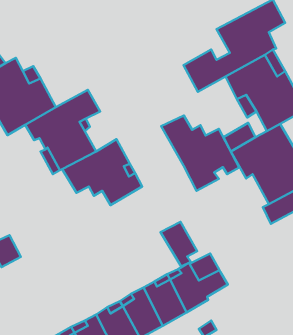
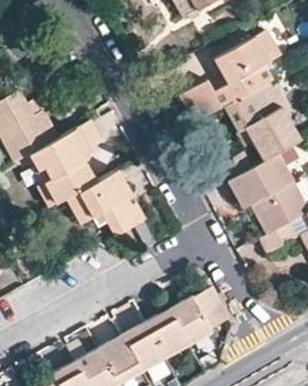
building: [161,116,239,191] -> none
building: [161,222,197,266] -> none

